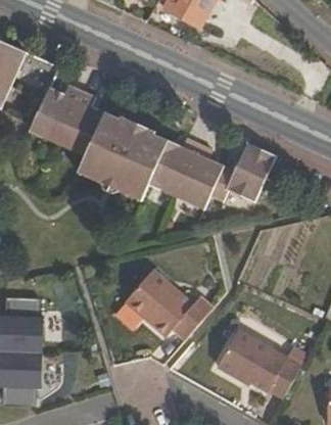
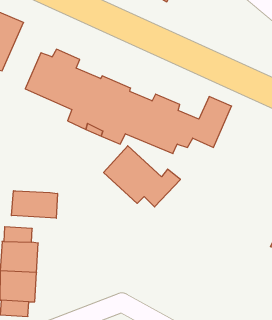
building: none -> [11,191,57,218]
building: [123,268,214,340] -> [104,146,180,207]
building: [216,331,299,399] -> none

